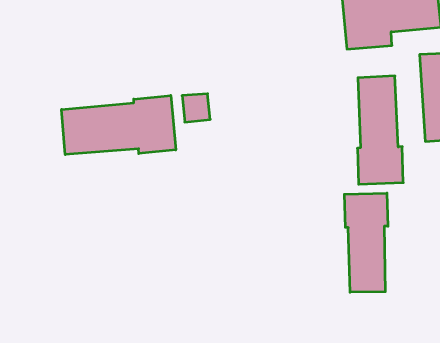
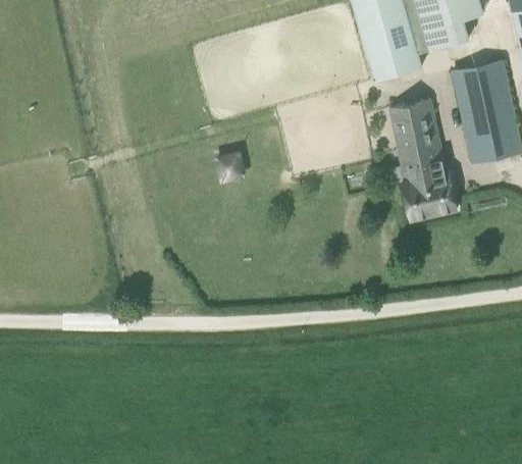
building: [62,95,176,155] -> none
building: [344,193,388,292] -> none

